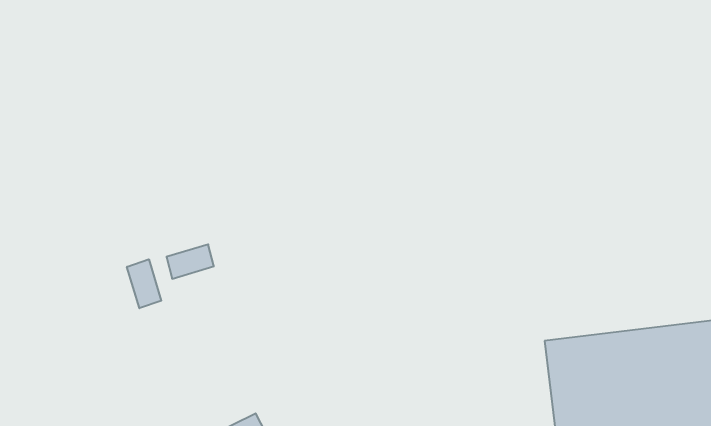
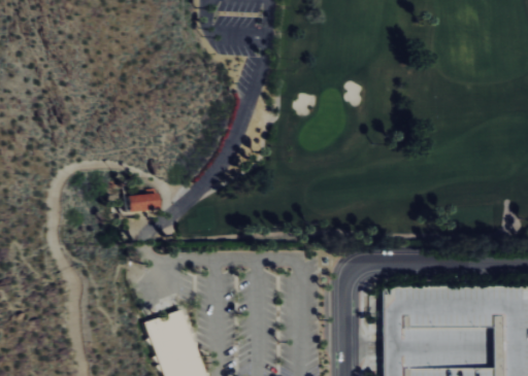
building: [127,259,161,308] -> none

